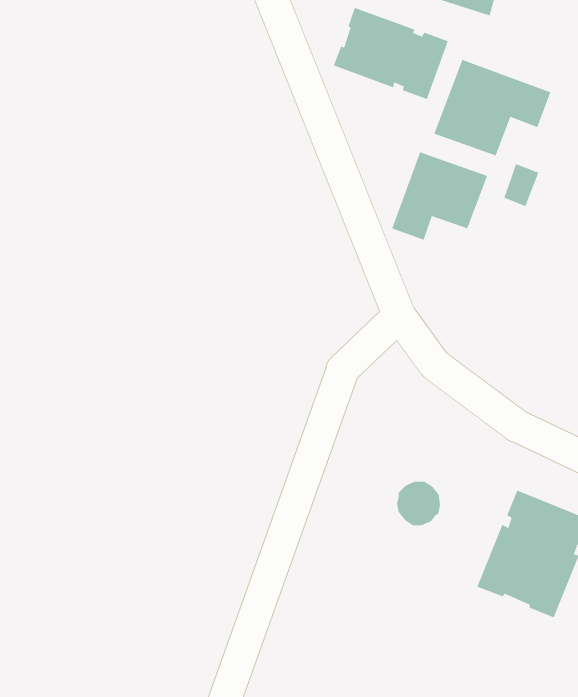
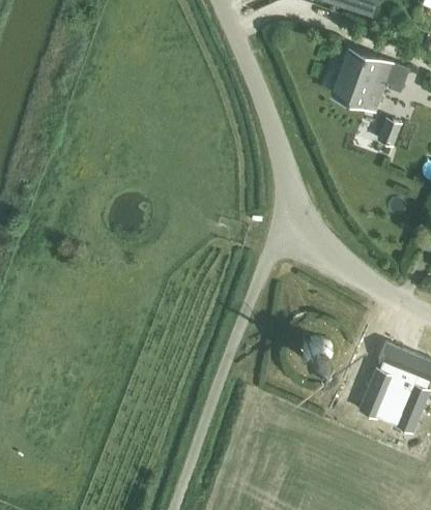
building: [333,7,449,100] -> none
building: [392,151,488,240] -> none

